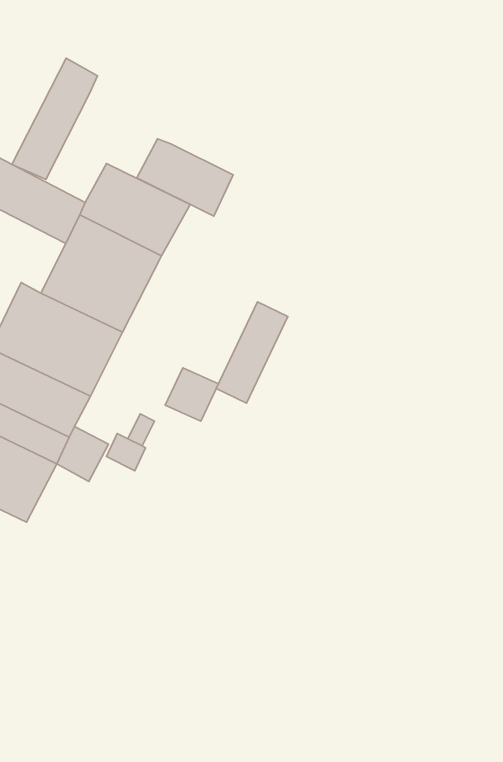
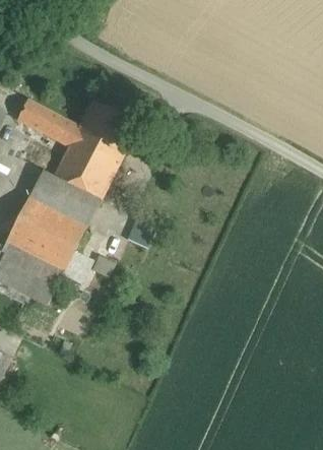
building: [12,58,98,180] -> none
building: [137,139,233,216] -> none
building: [216,302,288,403] -> none

